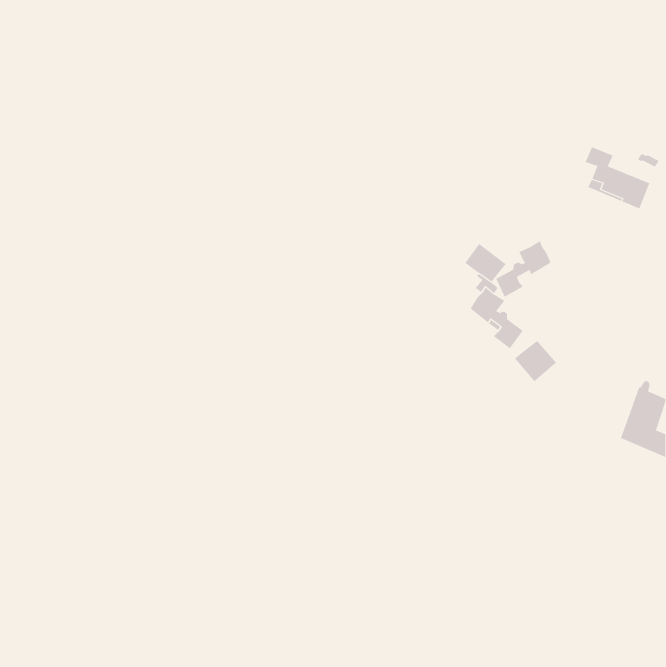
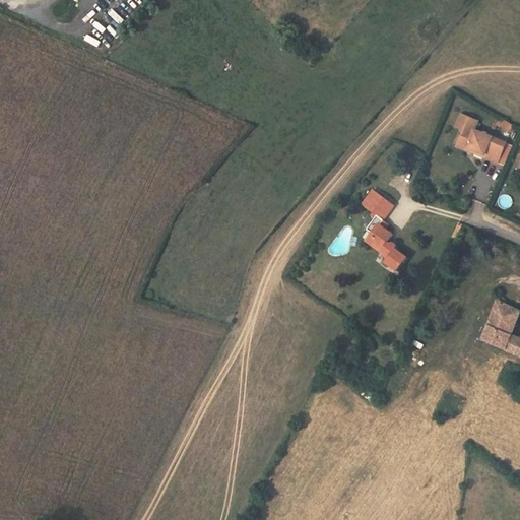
building: [495,240,551,298] -> none
building: [514,340,557,382] -> none

